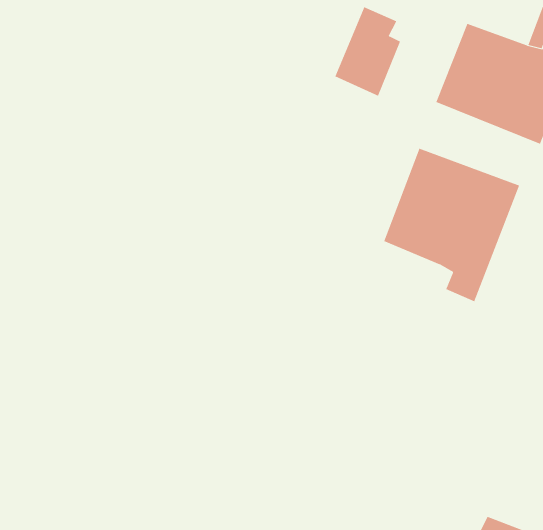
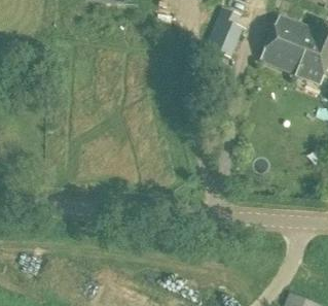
building: [383,148,520,302] -> none

